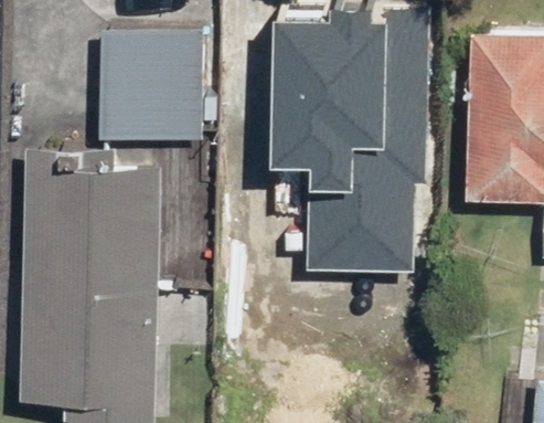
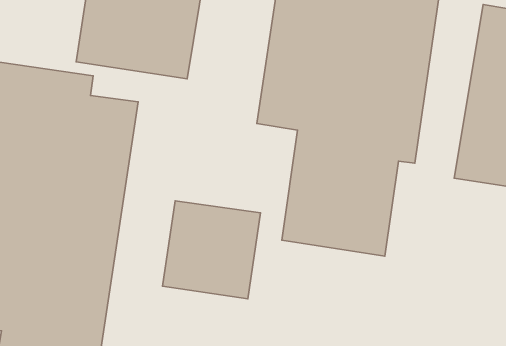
building: none -> [162,201,261,299]

